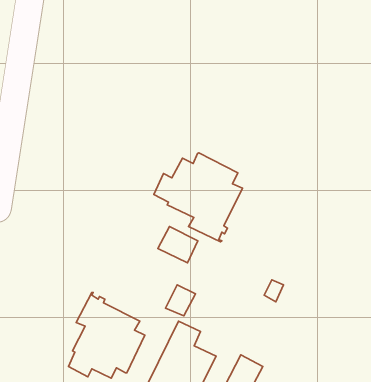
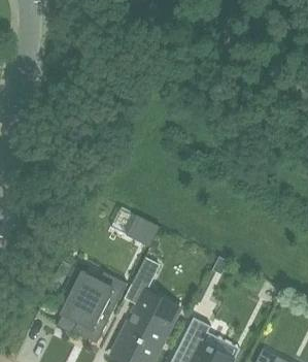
building: [154,153,243,242] -> none

